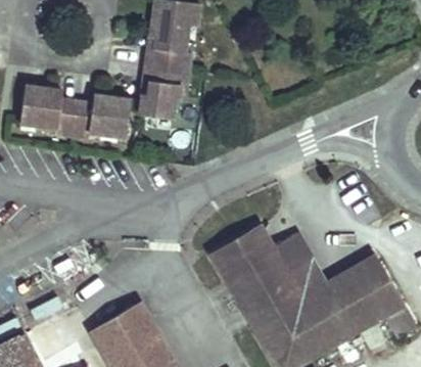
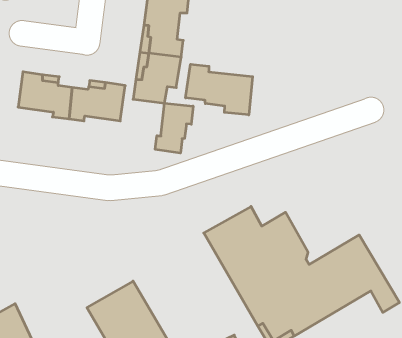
building: none -> [186,64,253,115]
building: none -> [155,103,193,153]

